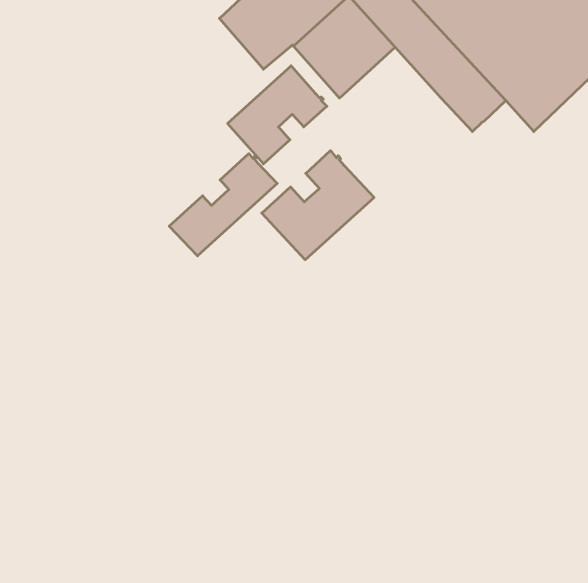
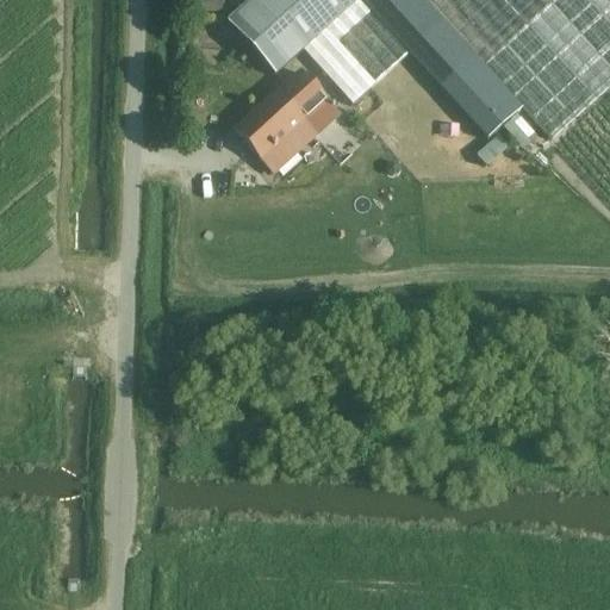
building: [262,151,374,260] -> none
building: [169,154,277,256] -> none

